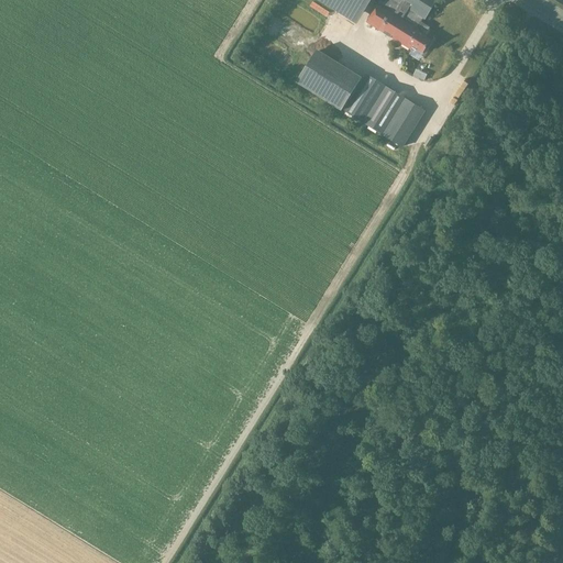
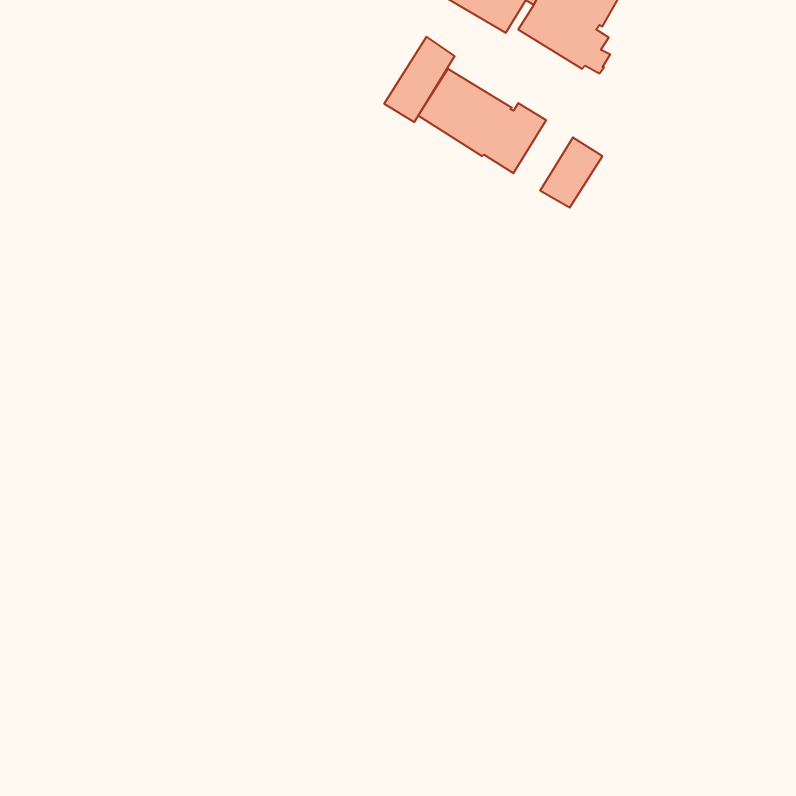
building: none -> [384,37,455,122]
building: [362,85,404,134] -> none

